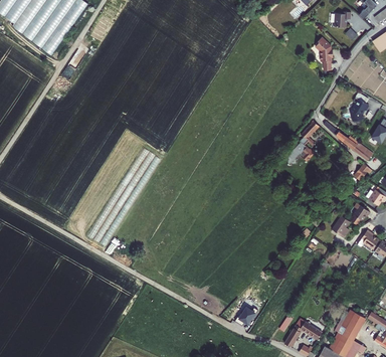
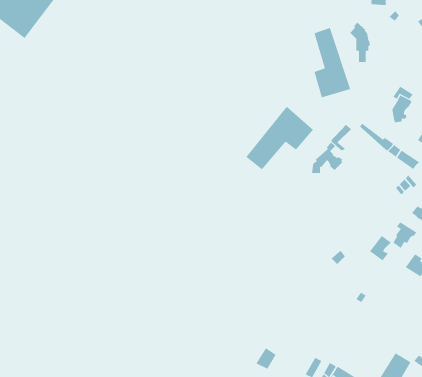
building: none -> [314,27,351,98]
building: none -> [246,106,314,170]

